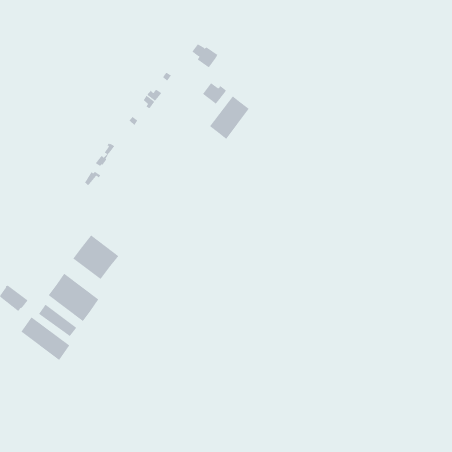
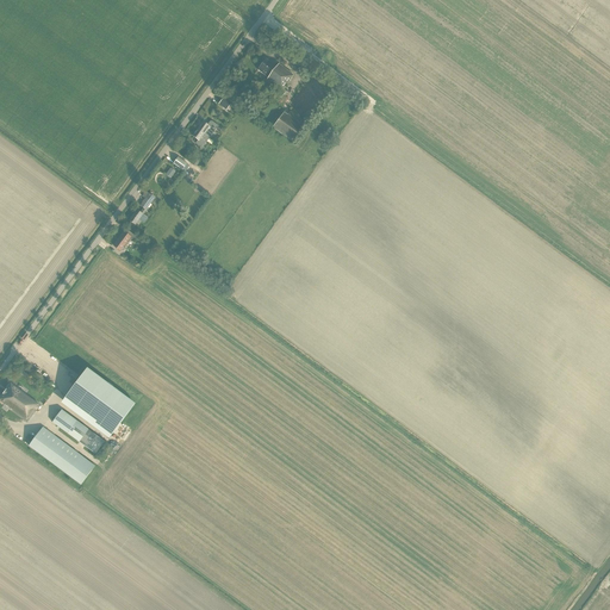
building: [209,96,249,140] -> none
building: [72,235,119,280] -> none

